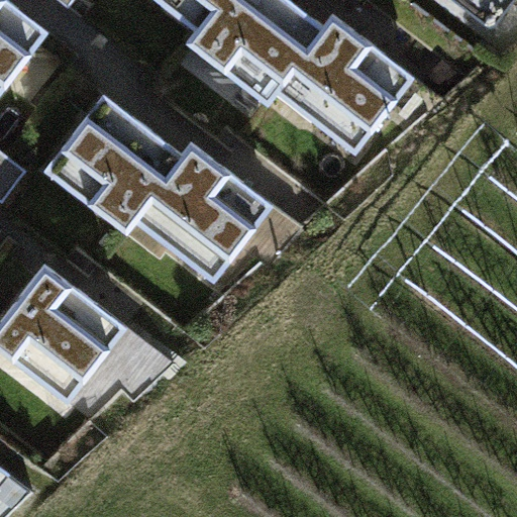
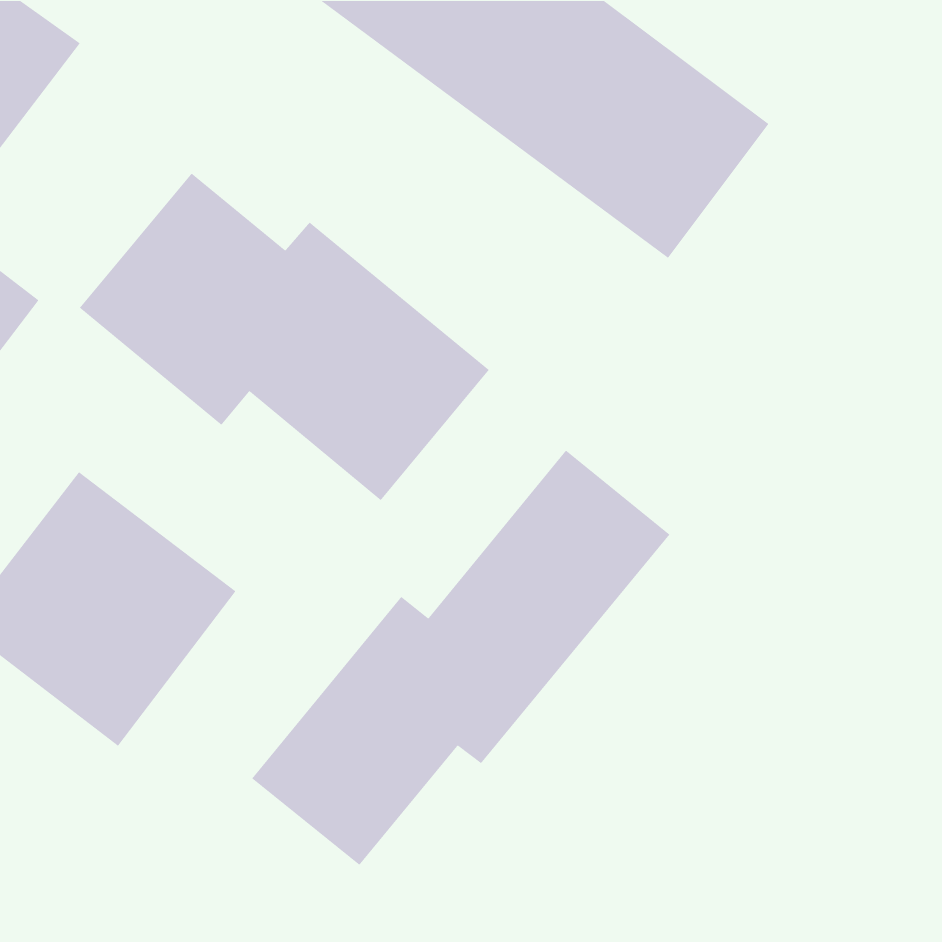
building: none -> [251,449,670,866]

